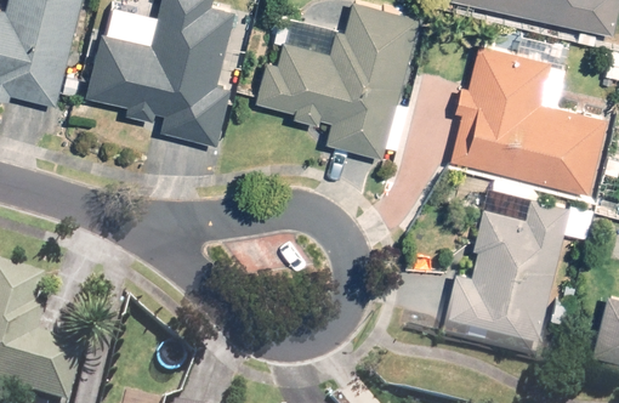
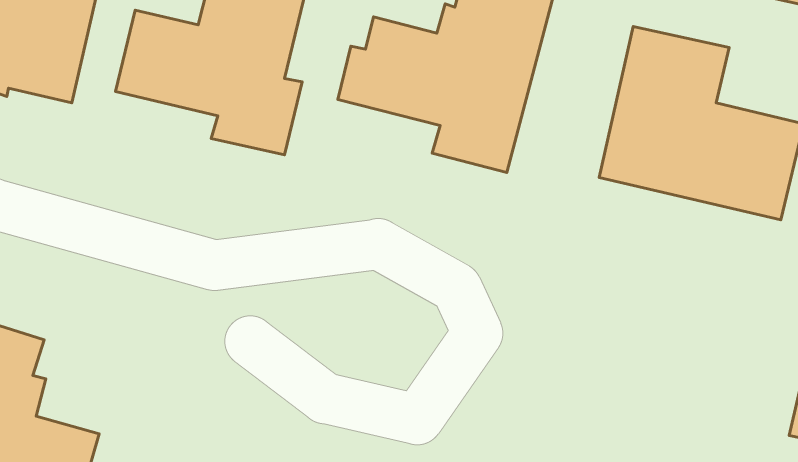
building: [441,199,569,351] -> none

